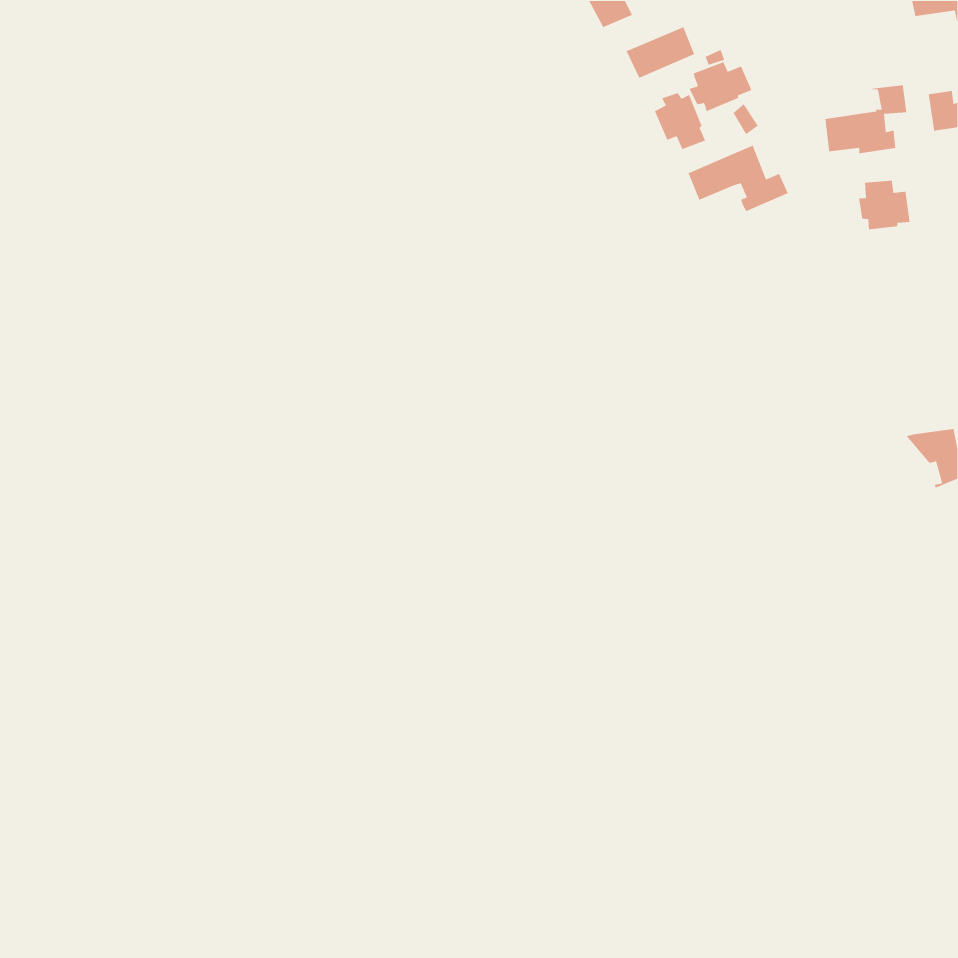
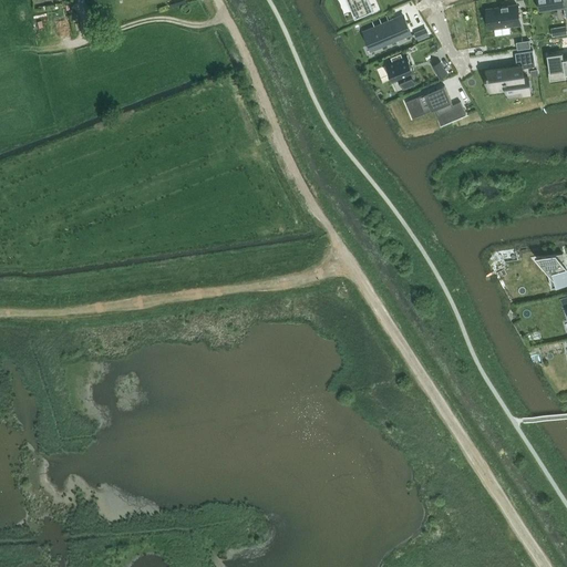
building: none -> [485,6,519,29]
building: [688,61,753,112] -> none
building: [858,180,911,230] -> none

